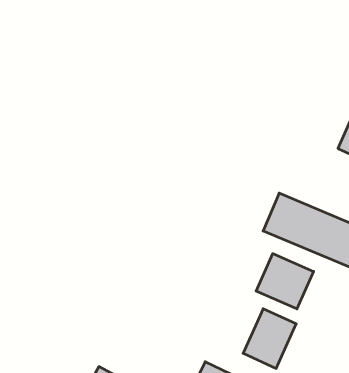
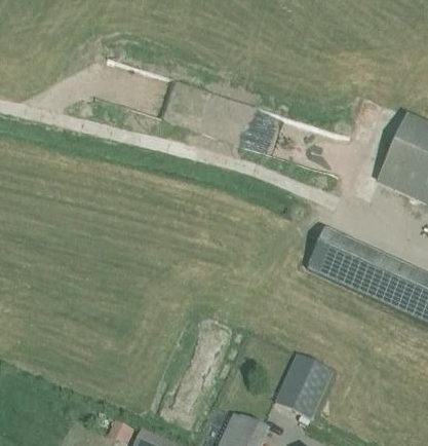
building: [256,254,314,309] -> none

